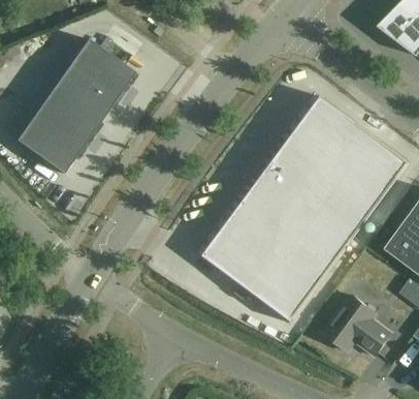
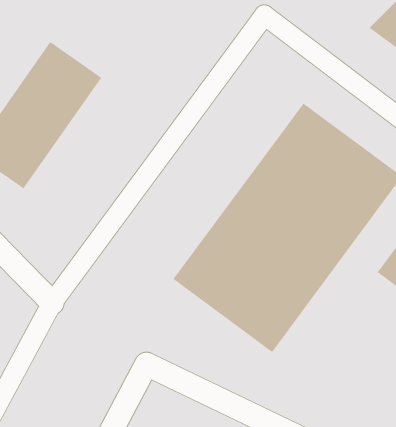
building: [323,294,392,356] -> none

